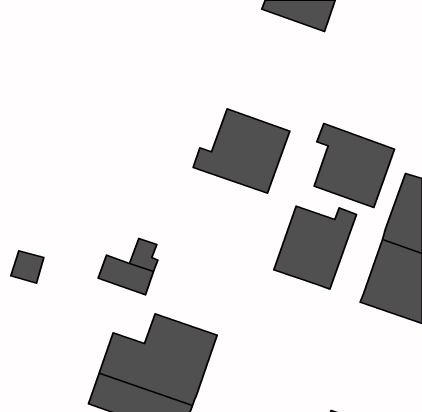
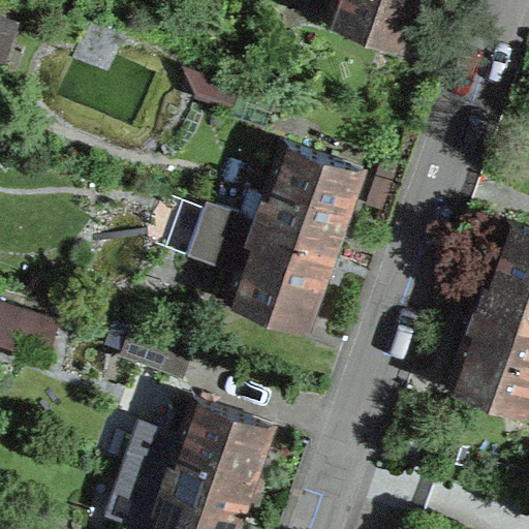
building: [314,123,394,208] -> none
building: none -> [201,213,335,333]
building: [274,206,357,289] -> none

